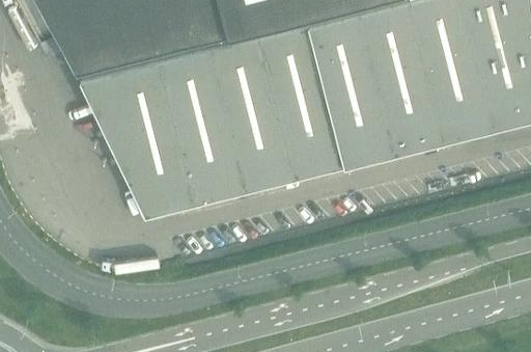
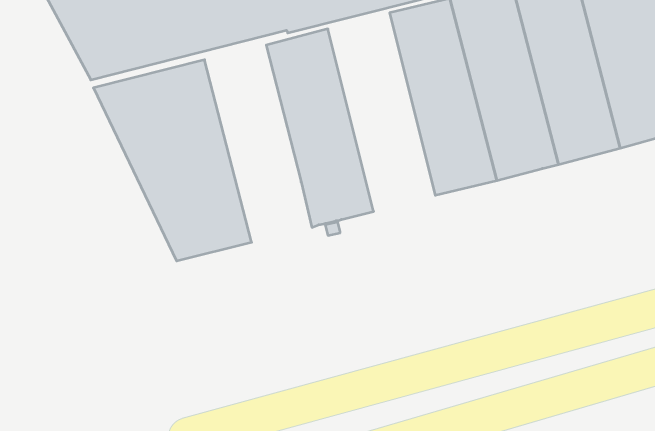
building: [261,22,344,175] -> none
building: [166,47,249,199] -> none

